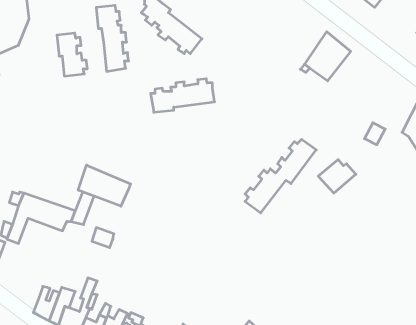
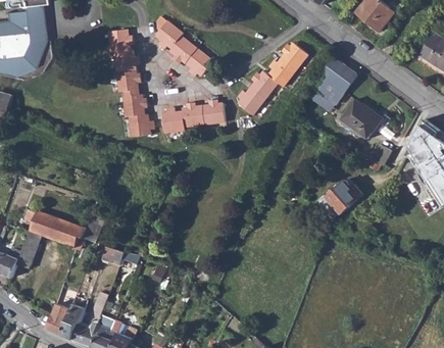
building: [57,33,87,76] -> [124,95,153,137]
building: none -> [341,100,381,138]
building: [245,139,316,213] -> [237,44,306,115]
building: [78,165,131,206] -> none

